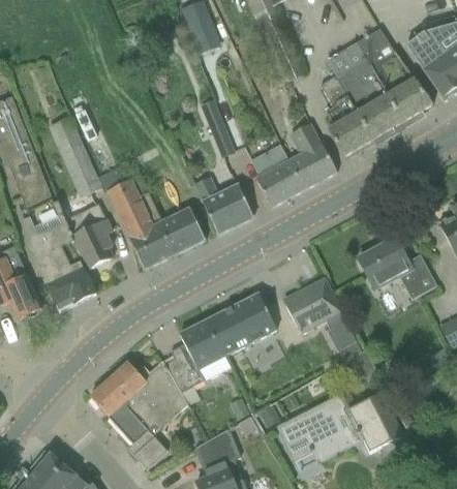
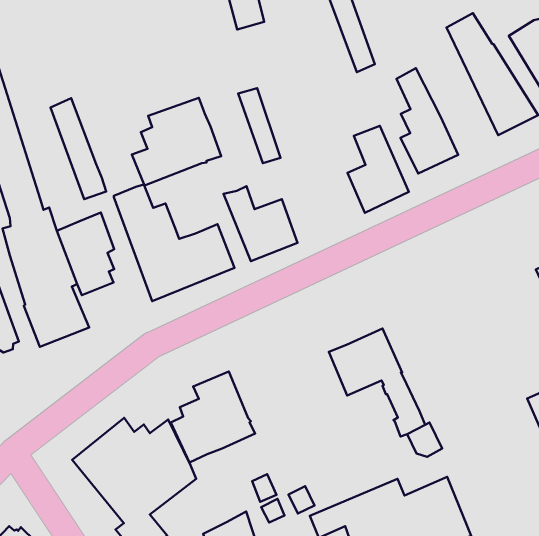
building: [326,42,402,141] -> none
building: none -> [132,98,221,185]
building: [251,146,303,207] -> none
building: [358,238,436,299] -> none
building: [206,294,276,356] -> none

